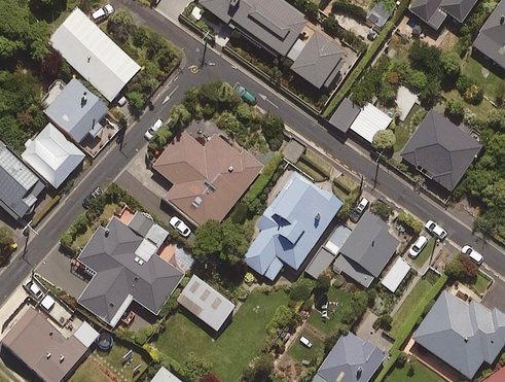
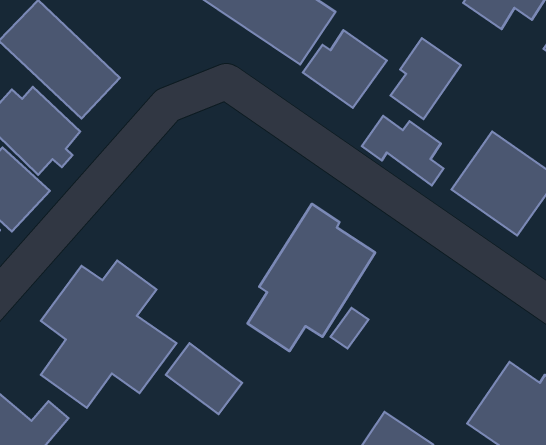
building: none -> [390,38,461,119]
building: [152,130,267,235] -> none
building: [328,212,411,291] -> none

